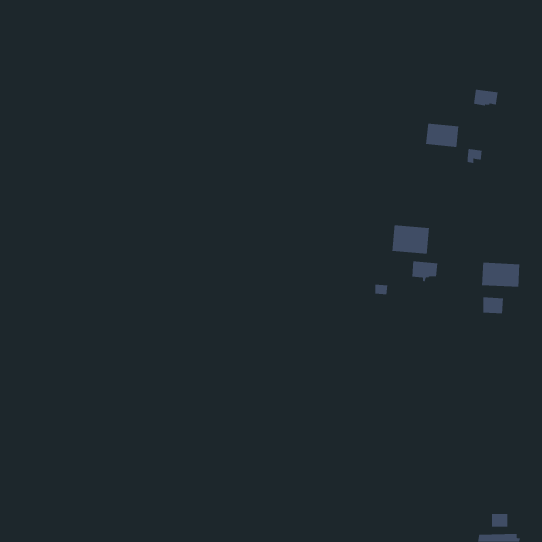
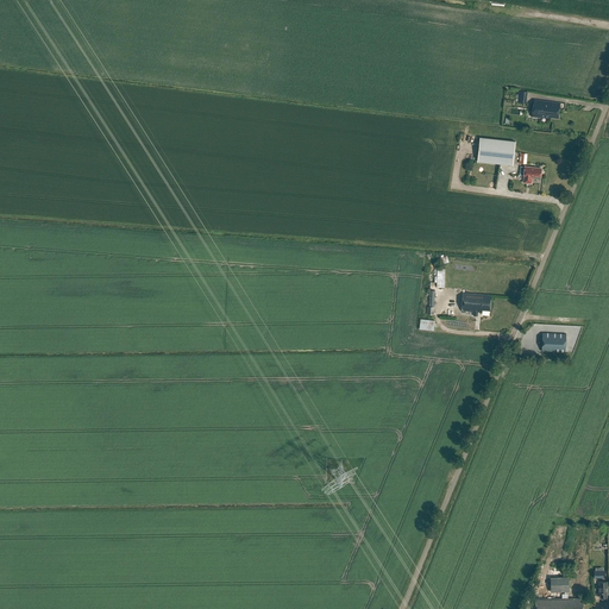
building: [392,224,430,254] -> none
building: [482,262,520,288] -> none

